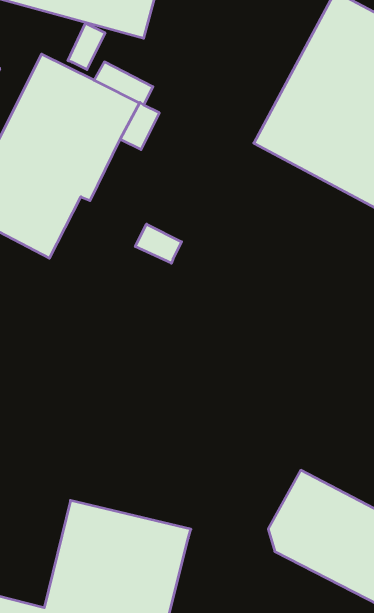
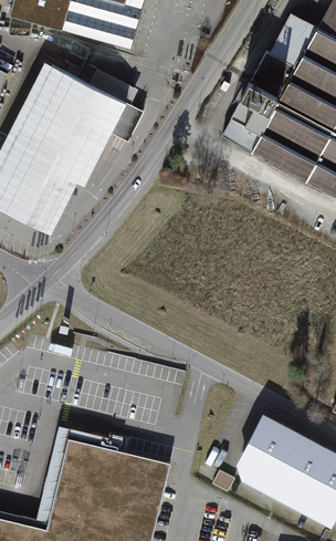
building: [68,23,105,70] -> none
building: [135,224,182,263] -> none

